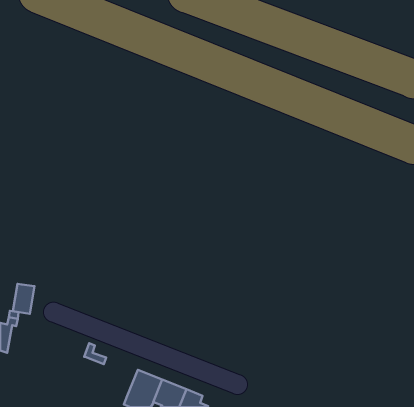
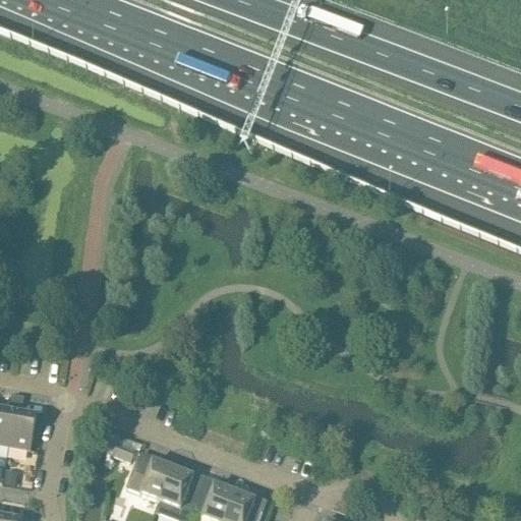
building: [13,284,35,314] -> [9,409,37,447]
building: none -> [131,454,173,498]

